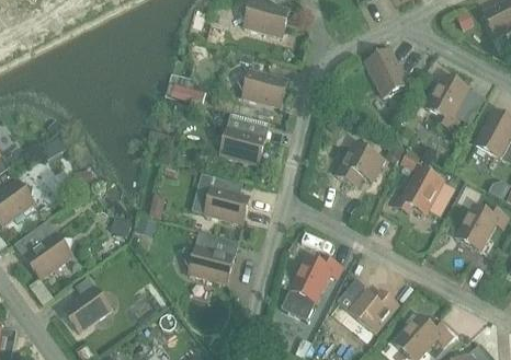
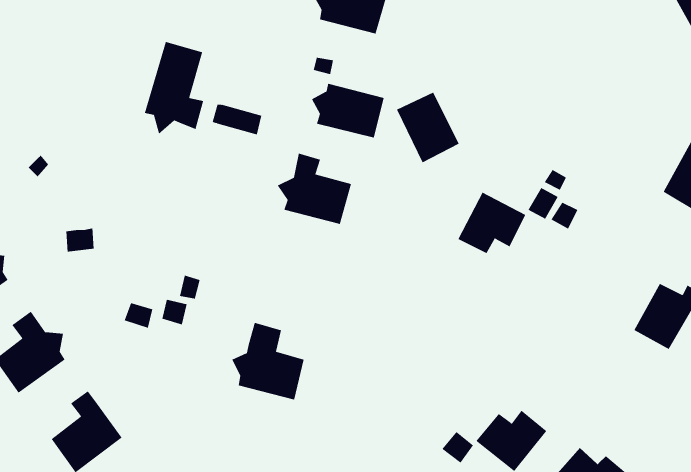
building: none -> [144,41,204,135]
building: [365,49,408,97] -> [396,92,459,163]
building: [427,74,468,130] -> none
building: [390,167,443,212] -> none
building: [204,174,250,224] -> none
building: [282,256,341,318] -> none

